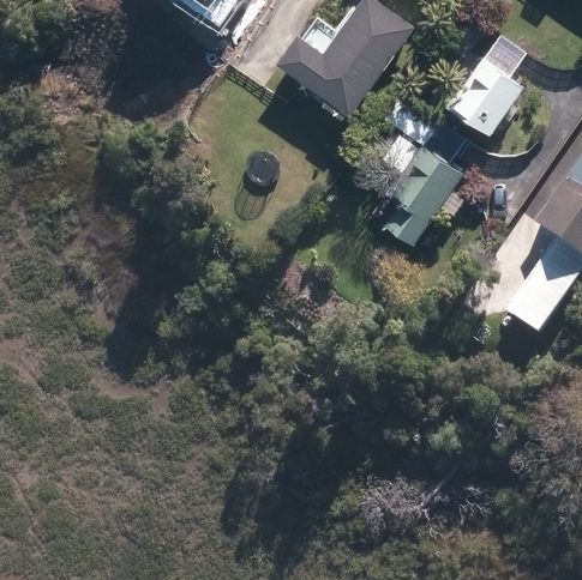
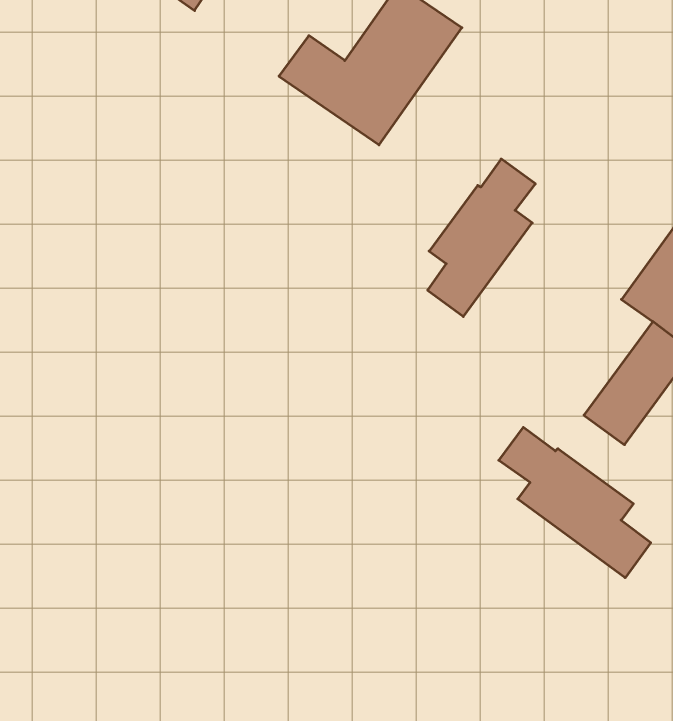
building: [448,42,526,135] -> none
building: none -> [499,427,651,578]

